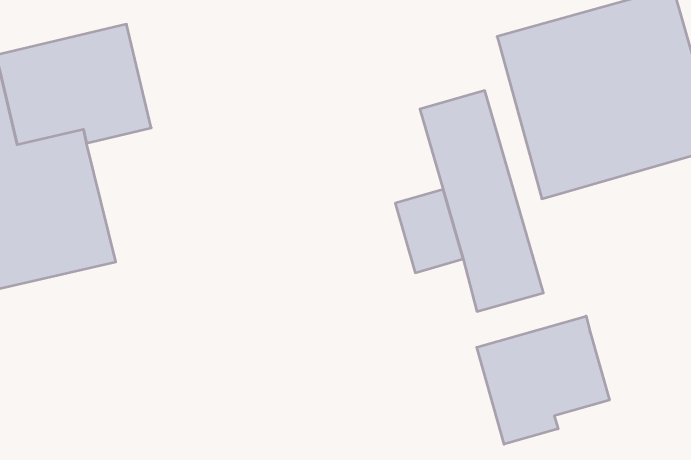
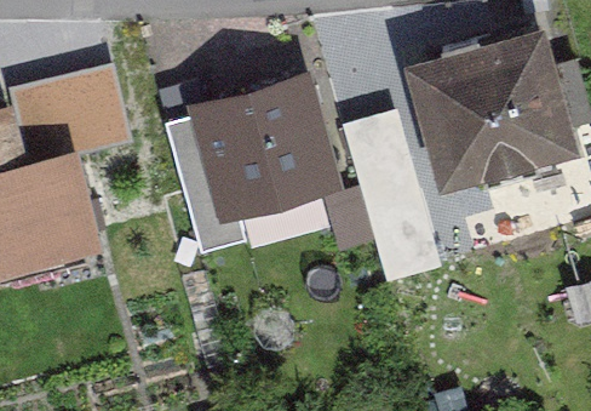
building: none -> [191,70,346,222]
building: [477,316,609,444] -> none

